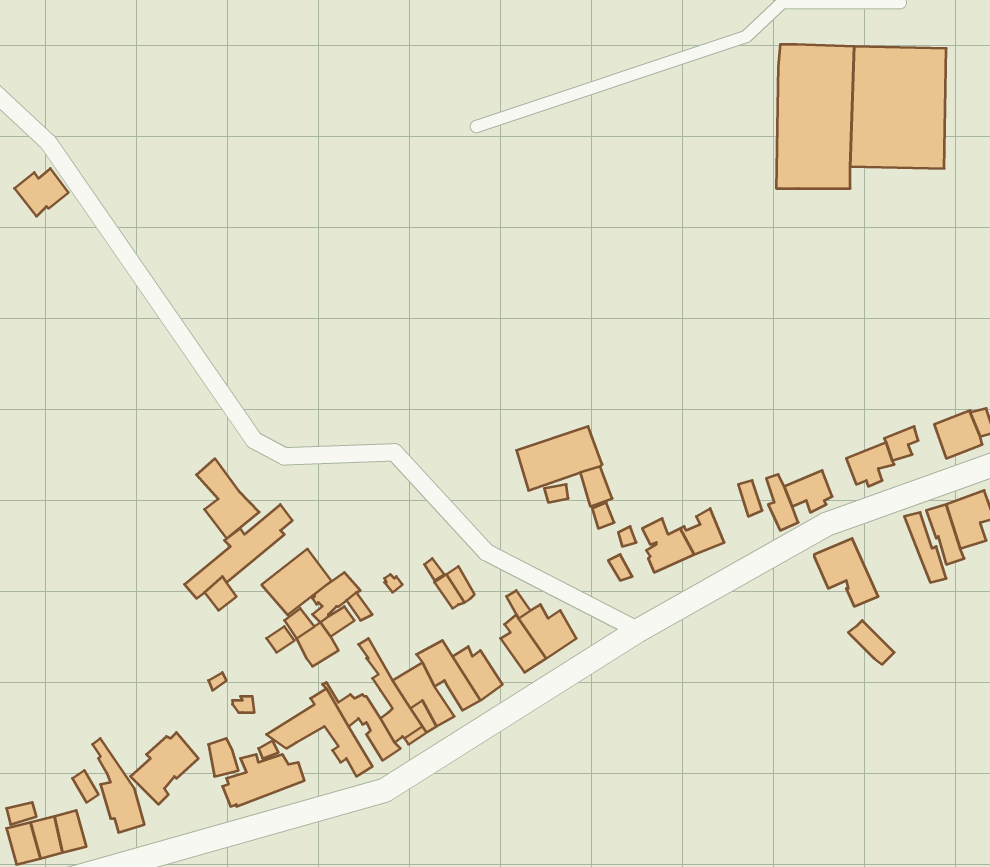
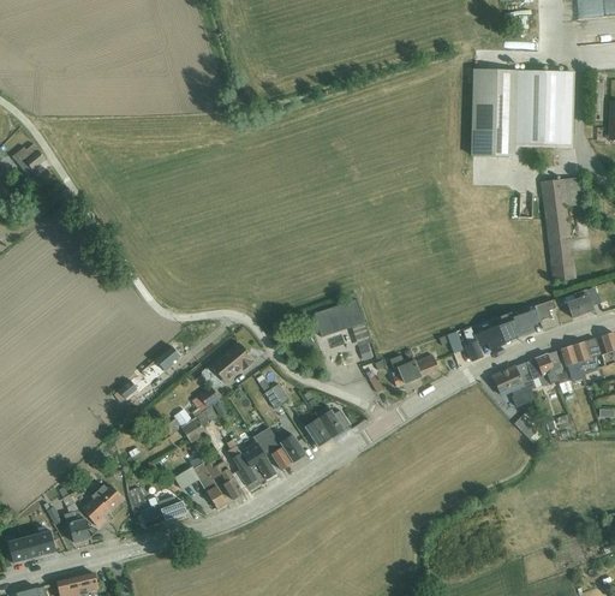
building: none -> [541,177,586,281]
building: [196,459,259,539] -> none
building: none -> [515,353,557,401]
building: [262,549,332,615] -> [210,342,252,382]

